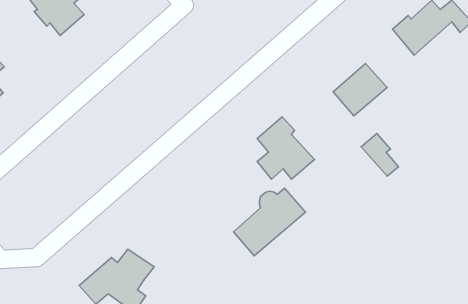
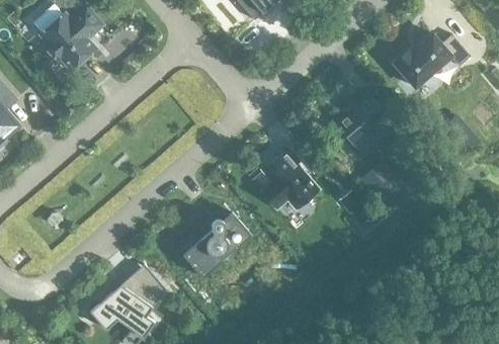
building: [234,188,305,256] -> [182,212,252,278]

